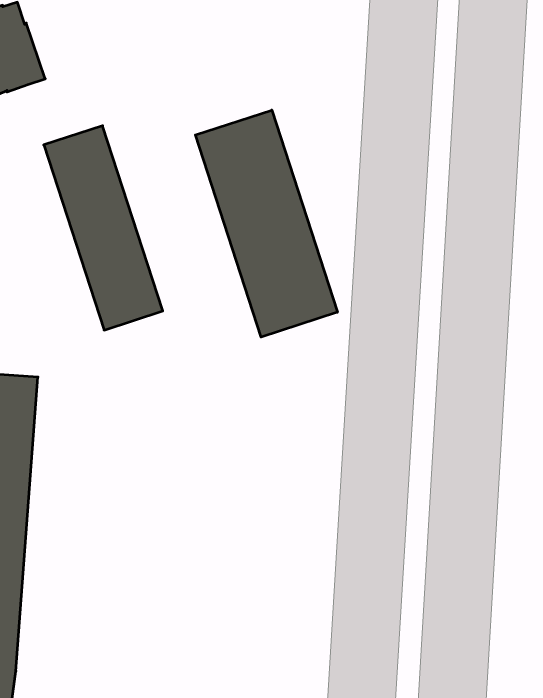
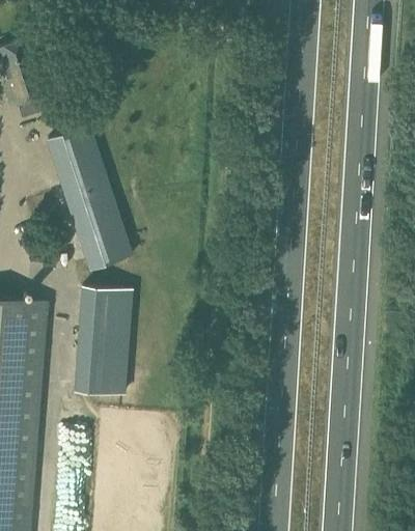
building: [195,110,337,337] -> none
building: none -> [75,287,132,394]

